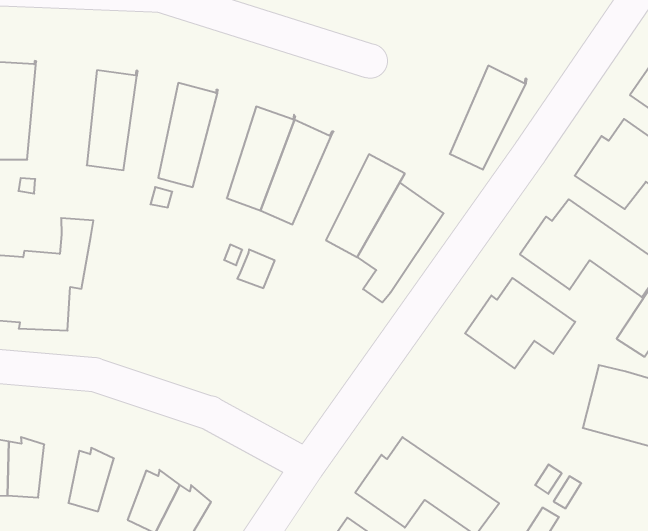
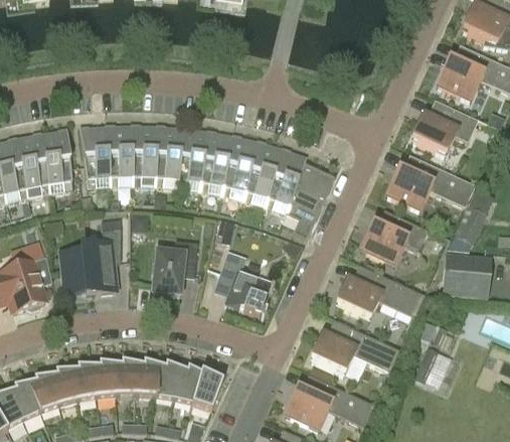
building: none -> [79,124,110,188]
building: [450,66,527,170] -> [242,142,282,206]
building: none -> [131,124,157,186]
building: none -> [177,128,207,191]
building: none -> [152,241,197,295]
building: none -> [220,253,270,317]
building: none -> [335,265,424,320]
building: none -> [114,359,136,396]
building: none -> [154,361,179,400]

